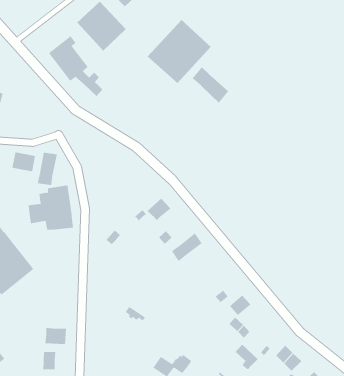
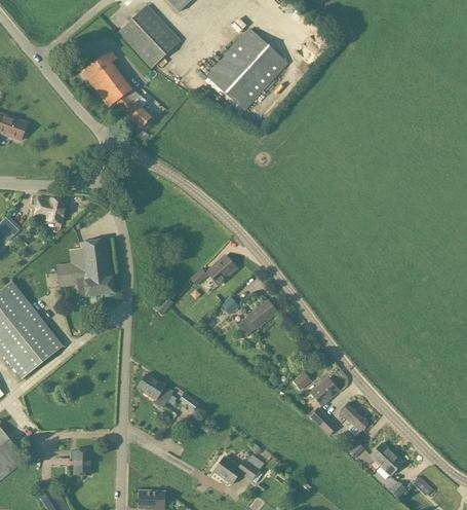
building: [192,66,229,103] -> none
building: [37,152,58,186] -> none
building: none -> [138,374,173,407]
building: [45,327,66,345] -> none
building: [235,344,258,370] -> [340,402,369,435]

